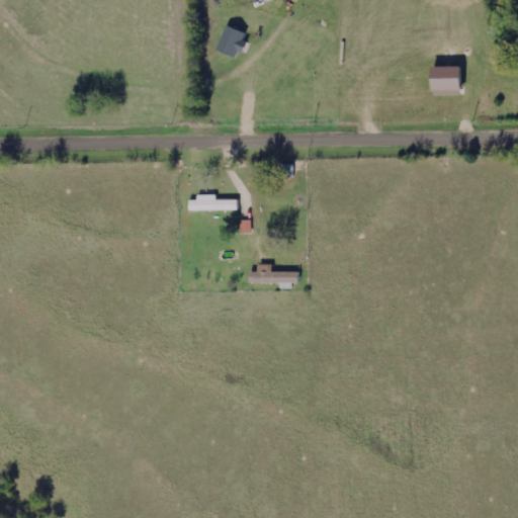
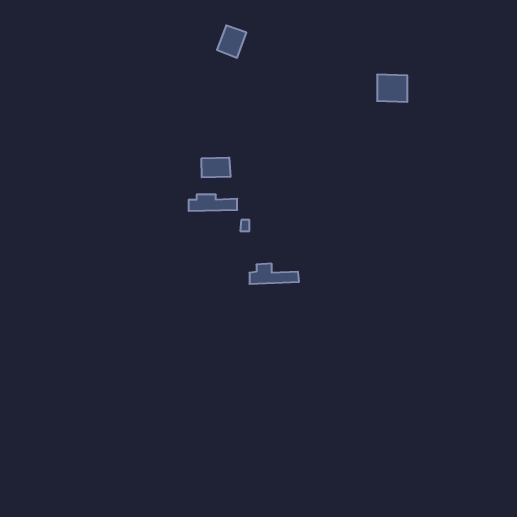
building: [430,66,460,93] -> [377,75,407,102]
building: none -> [202,157,230,177]

